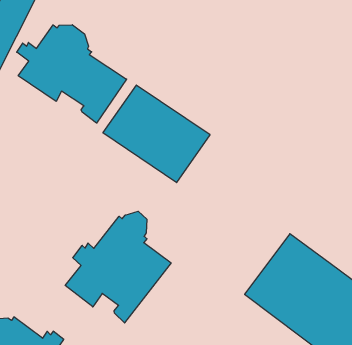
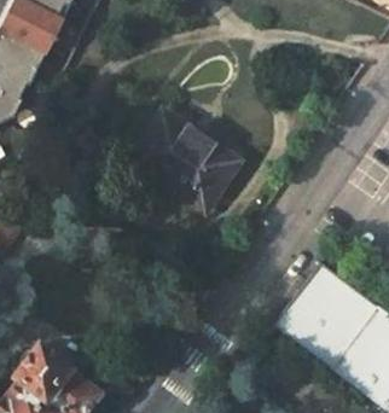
building: [17,25,127,123] -> none
building: [65,211,171,323] -> none

